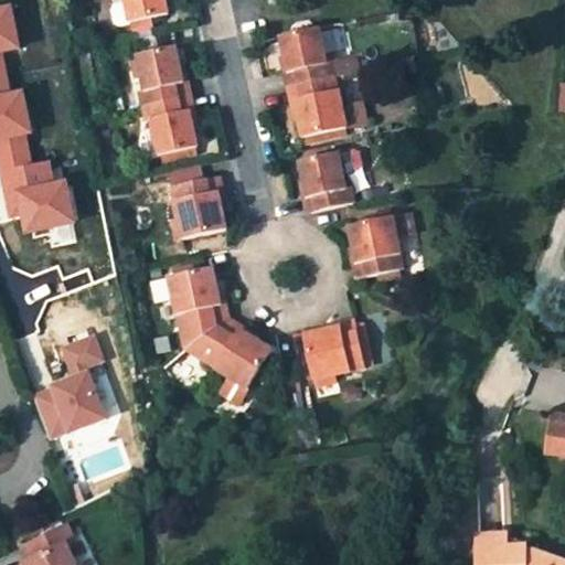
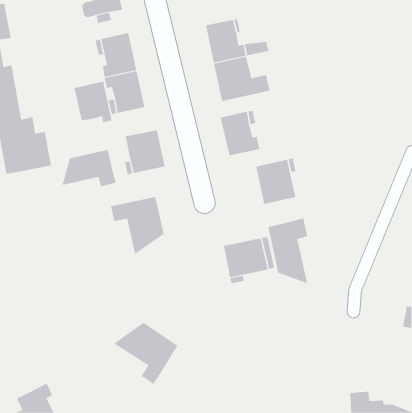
building: none -> [74,81,112,123]
building: none -> [62,149,116,187]
building: none -> [268,218,308,284]
building: [183,318,271,403] -> [113,322,178,385]
building: [29,334,102,439] -> none

